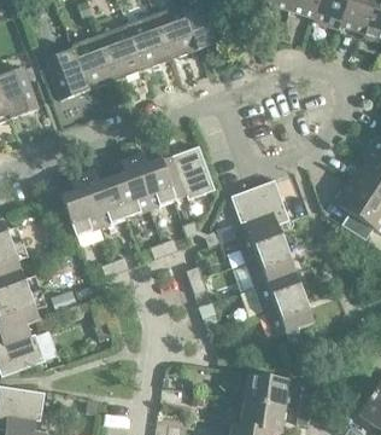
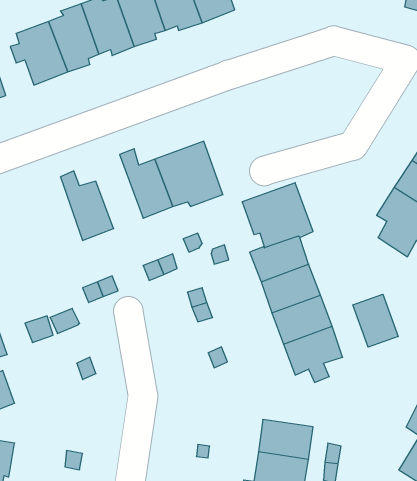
building: [111,157,150,218] -> none
building: [60,175,100,237] -> none
building: none -> [353,294,398,347]

